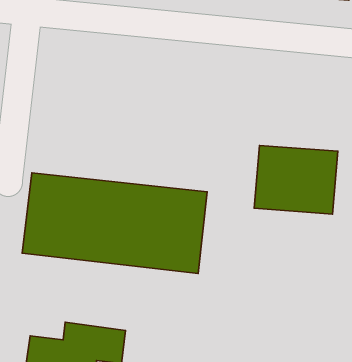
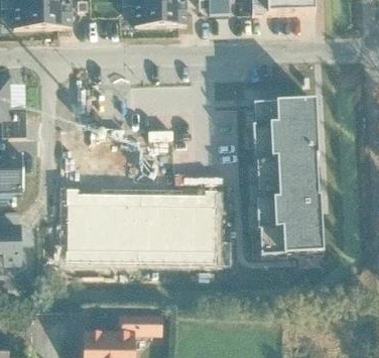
building: none -> [252,92,321,147]
building: none -> [256,198,326,254]

